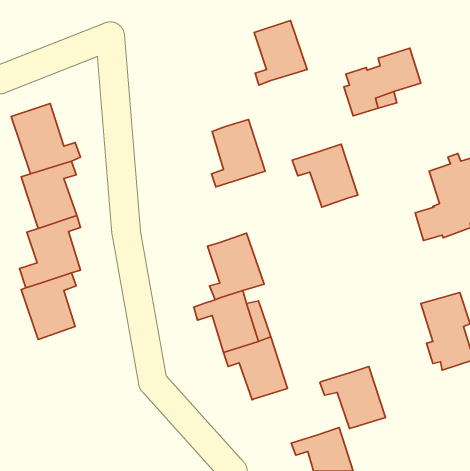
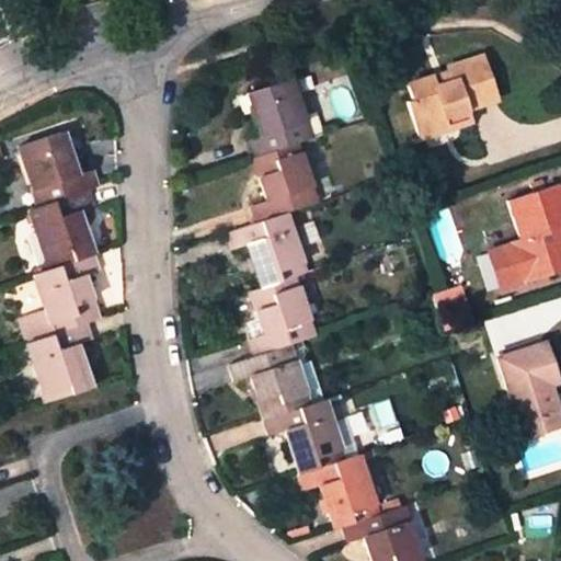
building: [254,20,307,85] -> [250,79,312,156]
building: [292,144,358,207] -> [229,213,307,287]
building: [320,367,386,429] -> [302,455,380,528]

